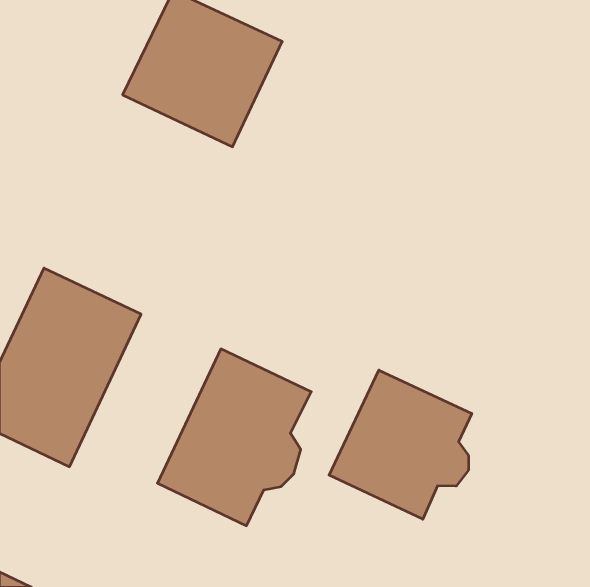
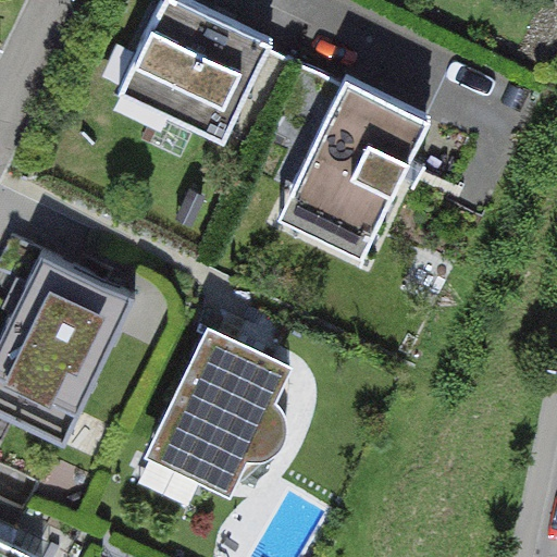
building: none -> [270,76,437,272]
building: [329,370,472,519] -> none

